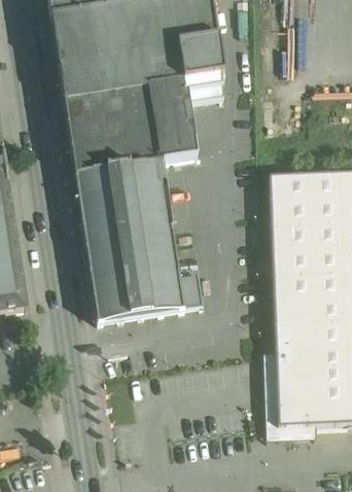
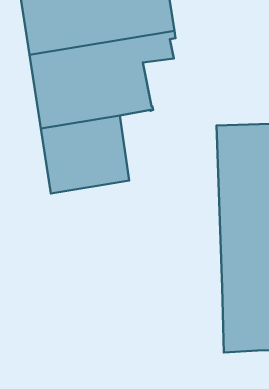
building: [85,235,202,322] -> none
building: [262,353,314,438] -> none

